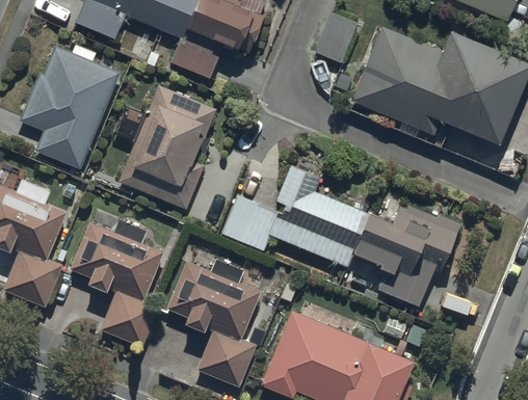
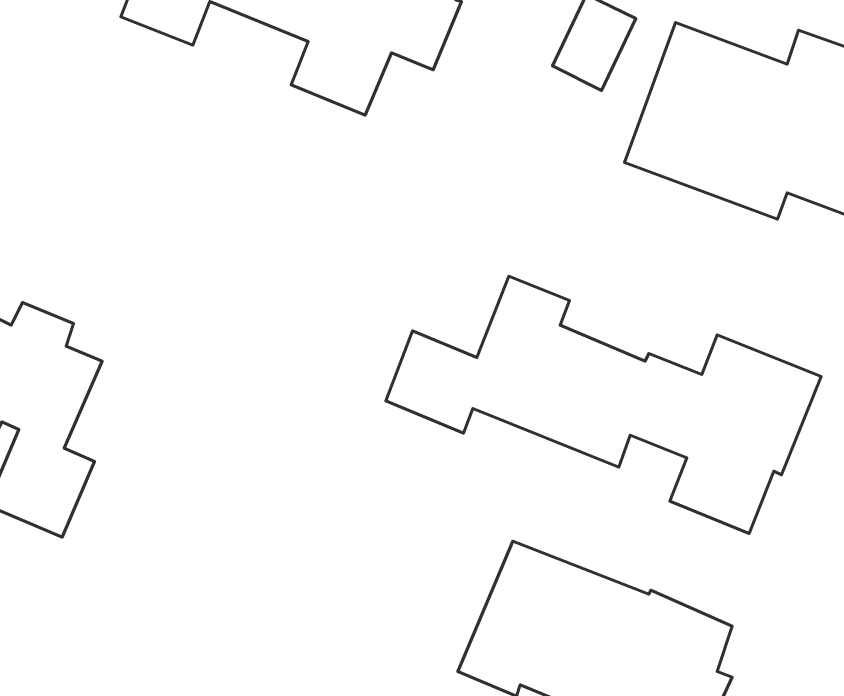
building: [20,47,117,170] -> none
building: [118,87,215,210] -> none
building: [71,221,162,348] -> none
building: [166,260,259,388] -> none

